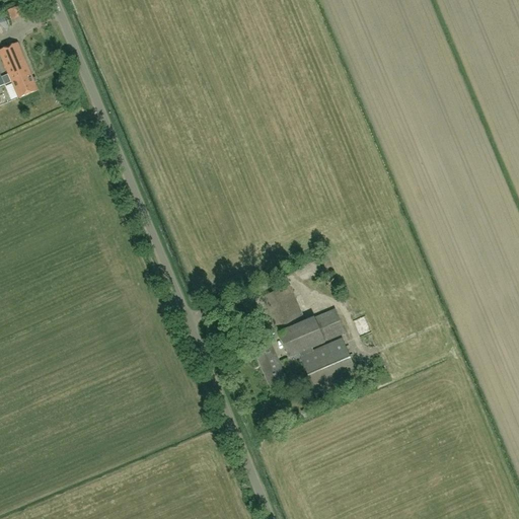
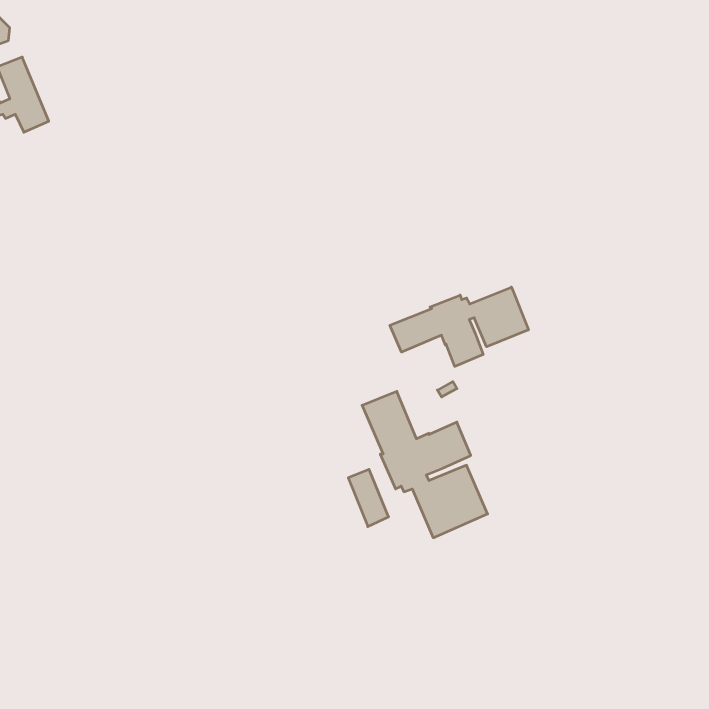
building: none -> [390,287,528,366]

